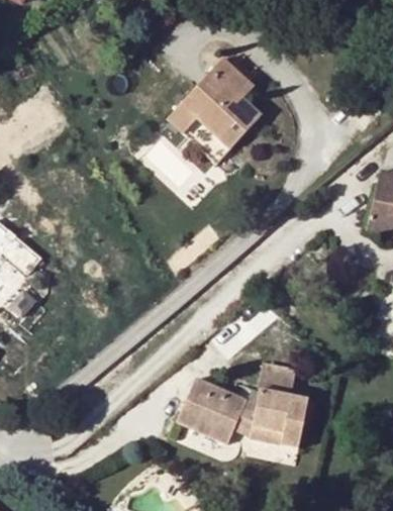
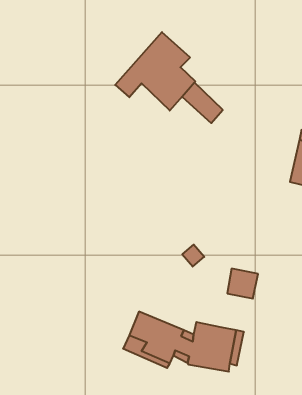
building: [184,116,230,163] -> [182,83,223,123]
building: [261,362,296,396] -> [227,269,258,299]

